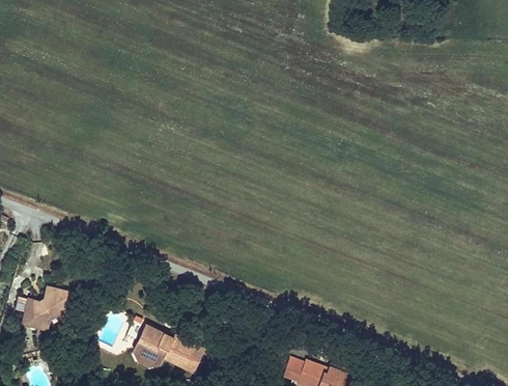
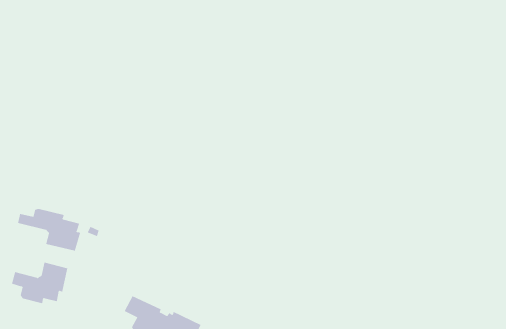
building: none -> [17,208,81,252]

